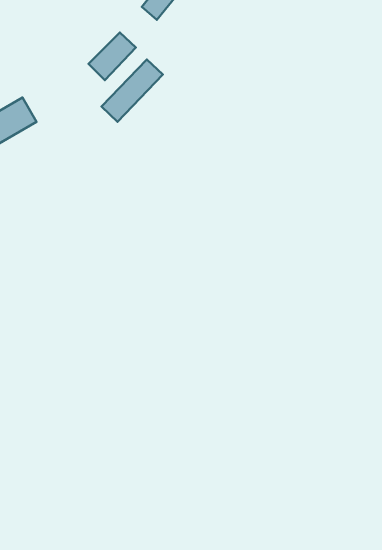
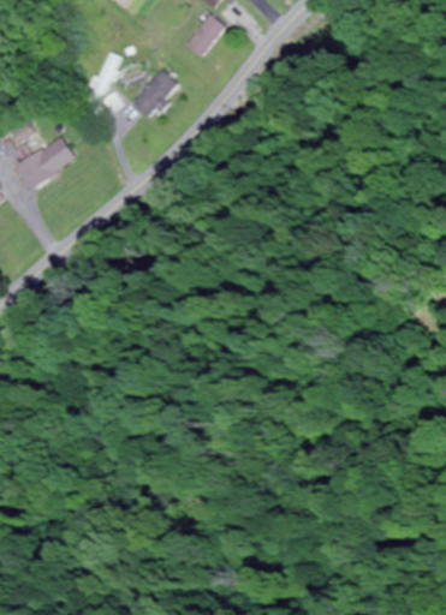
building: [102,60,163,122] -> none

